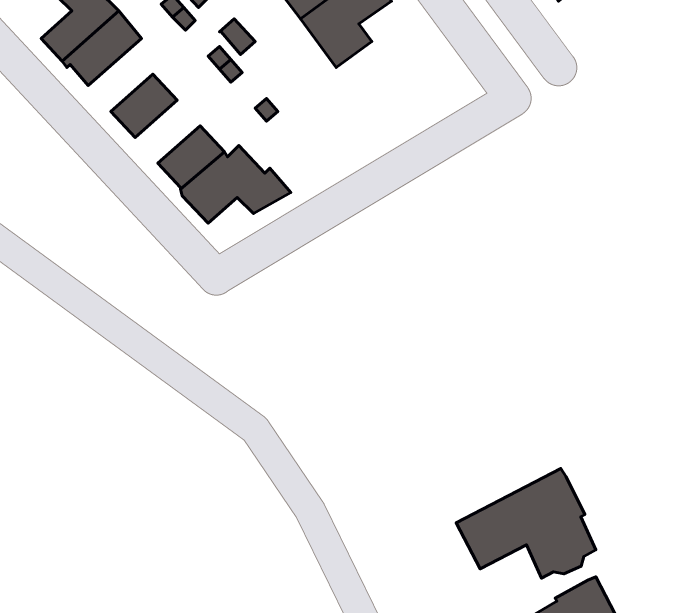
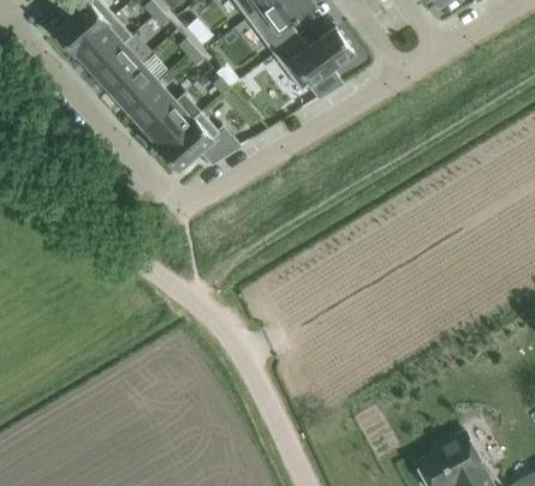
building: none -> [274,28,355,97]
building: none -> [90,32,138,86]
building: none -> [125,78,173,125]
building: [456,468,596,578] -> none

